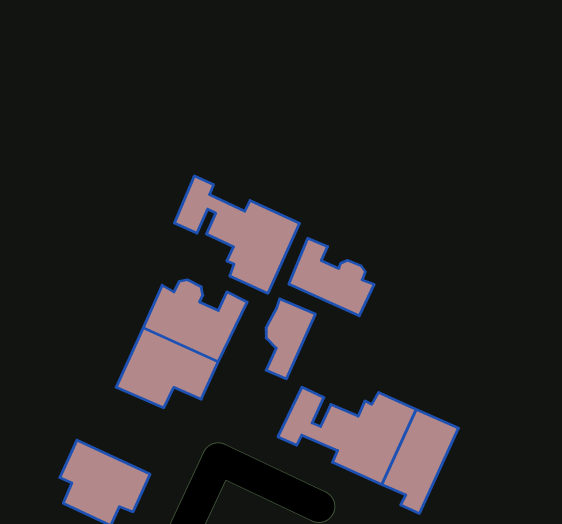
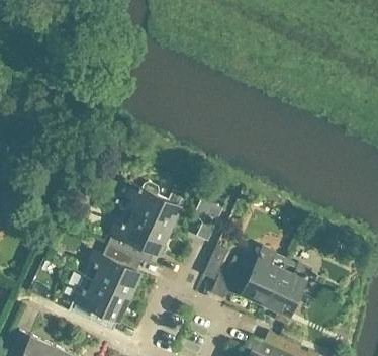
building: [174,176,300,293] -> none
building: [289,238,374,316] -> none
building: none -> [83,247,138,298]

